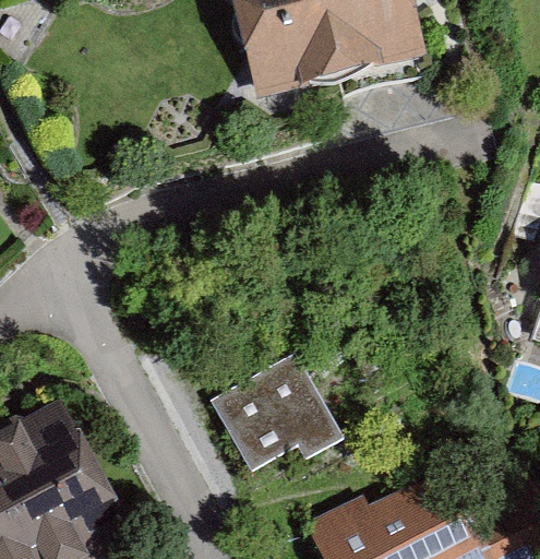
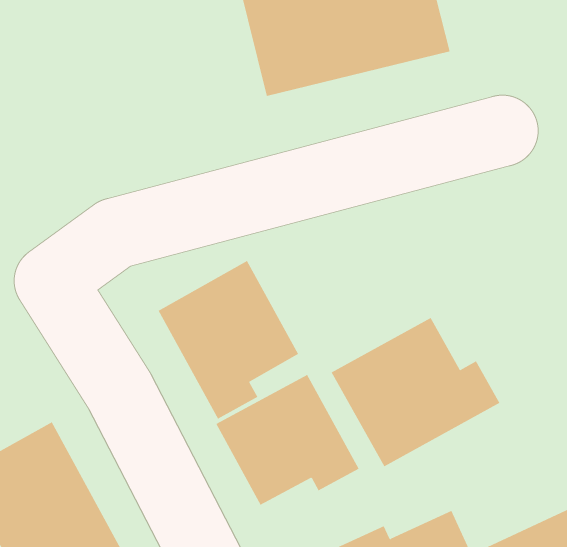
building: none -> [158,260,299,420]
building: none -> [331,317,500,467]

